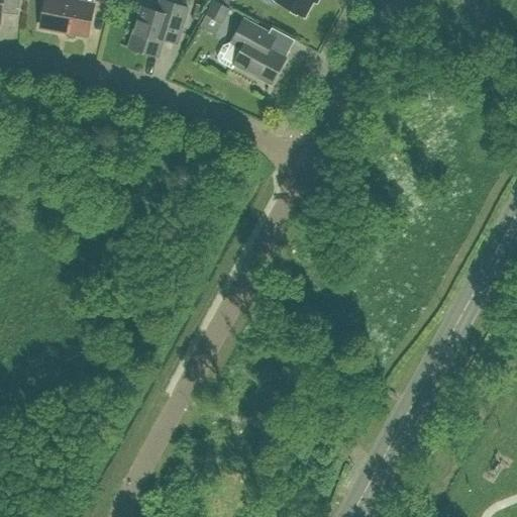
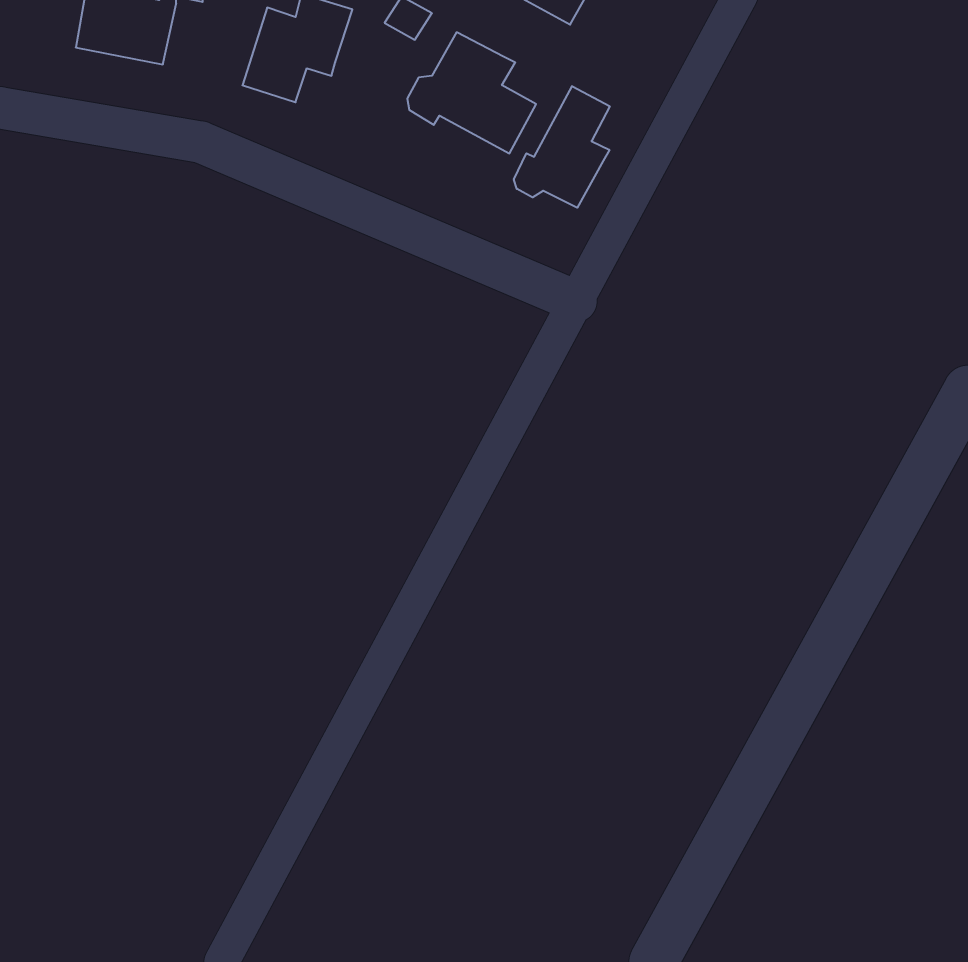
building: none -> [514,86,610,208]

